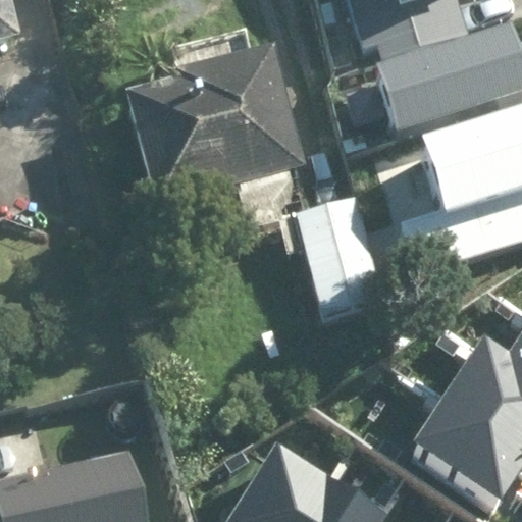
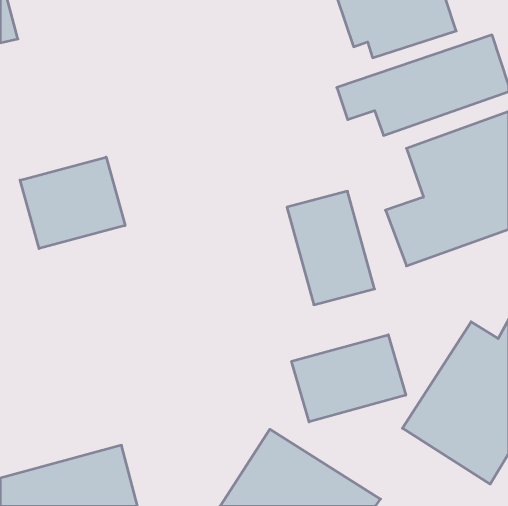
building: [124,53,303,202] -> none
building: none -> [20,157,125,249]
building: none -> [292,335,406,422]

